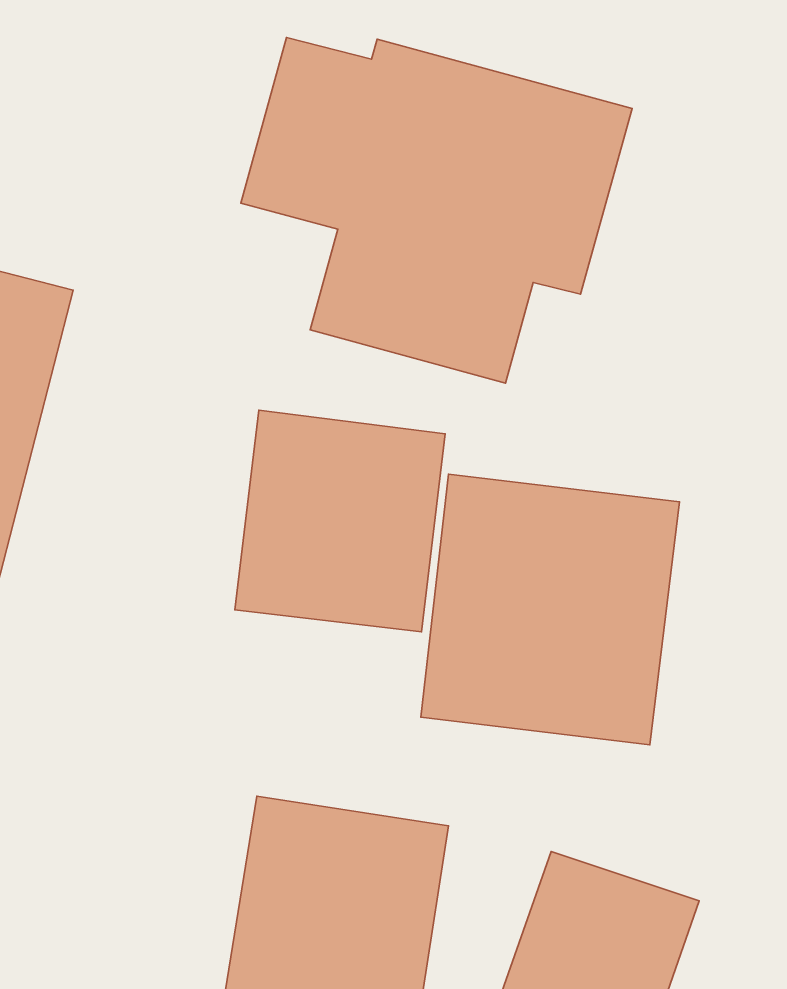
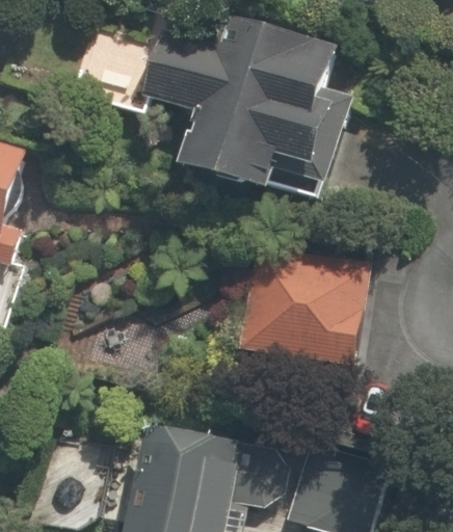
building: [235,410,445,632] -> none

